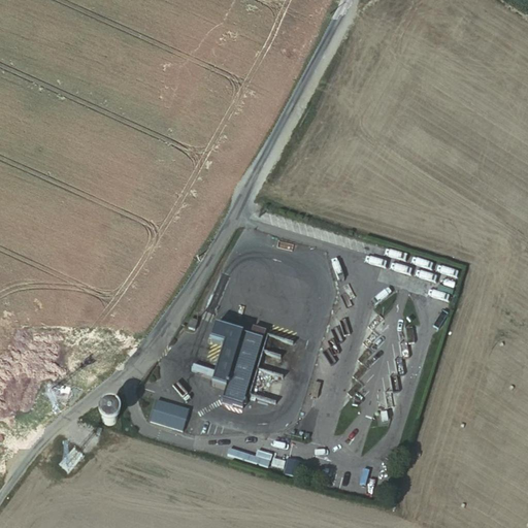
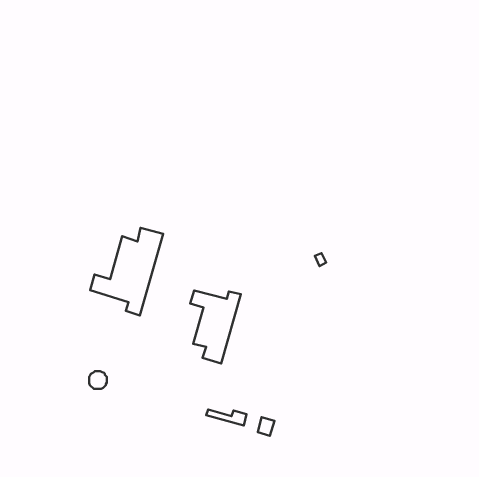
building: none -> [90,228,163,315]
building: [152,397,190,426] -> none

